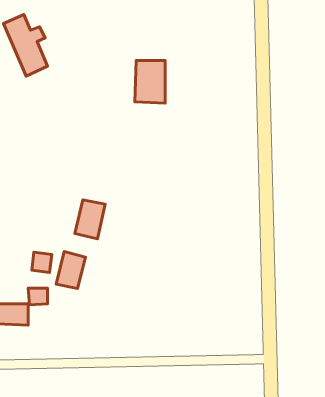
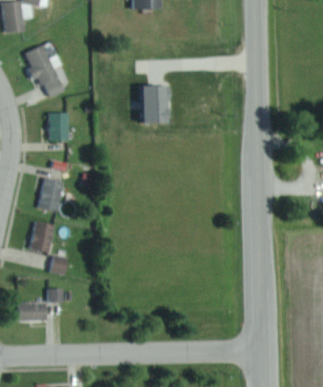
building: none -> [48,112,69,141]
building: [75,200,105,239] -> [37,177,64,212]
building: [56,252,85,289] -> [29,220,55,253]

